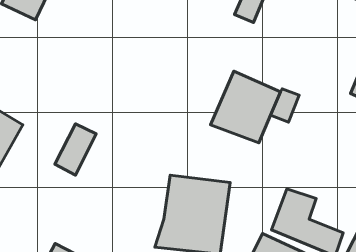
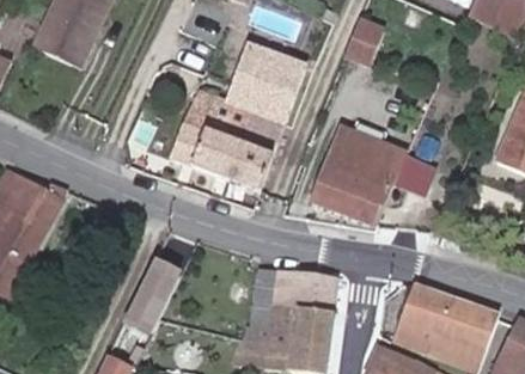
building: none -> [171,42,304,188]
building: [55,124,96,175] -> [124,265,179,333]
building: none -> [442,300,499,345]

